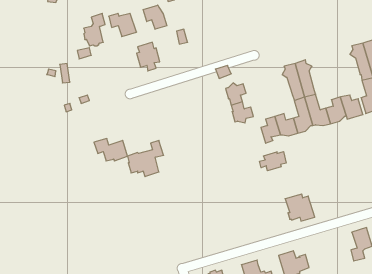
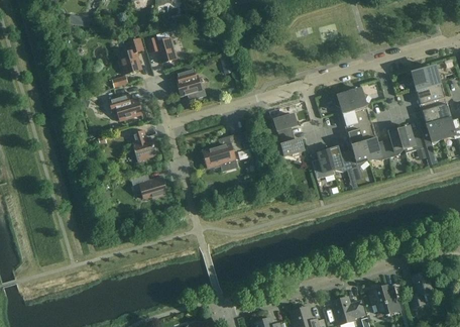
building: [143,5,167,29] -> none
building: none -> [109,94,142,120]
building: none -> [132,129,156,162]
building: [127,140,164,177] -> [204,132,243,172]
building: [260,152,286,171] -> none
building: [285,194,315,221] -> [369,285,401,314]

